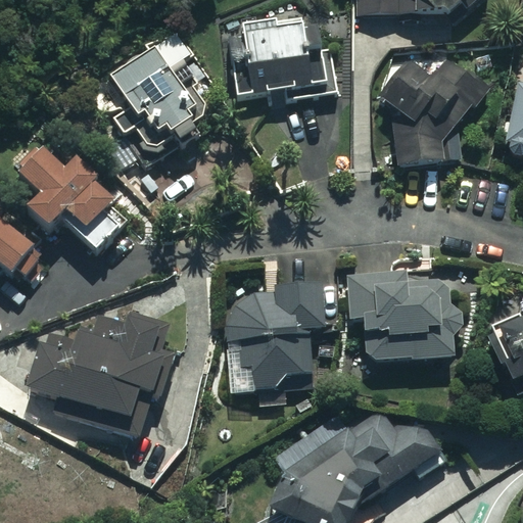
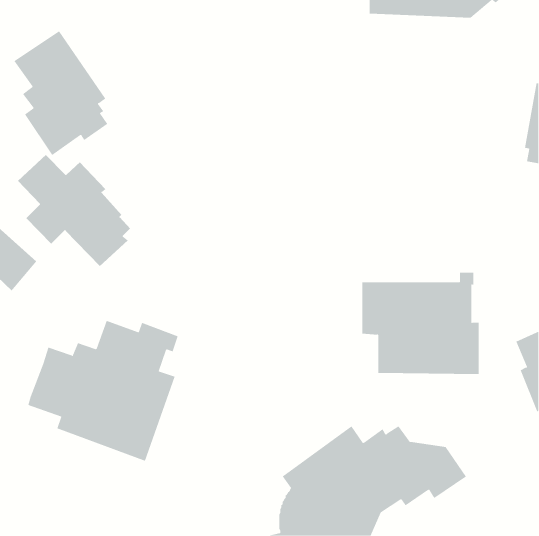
building: [227,17,338,102] -> none
building: [109,44,200,164] -> [14,30,108,156]
building: [381,53,491,169] -> none
building: [224,278,324,390] -> none

